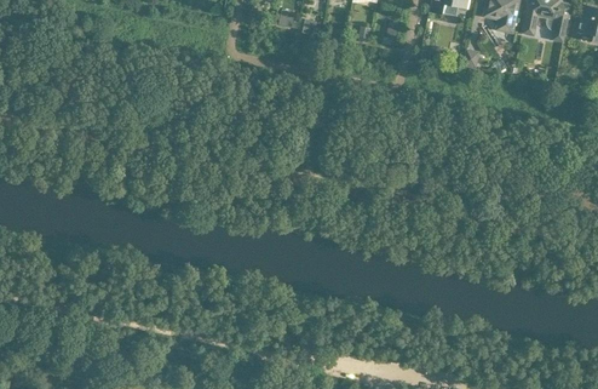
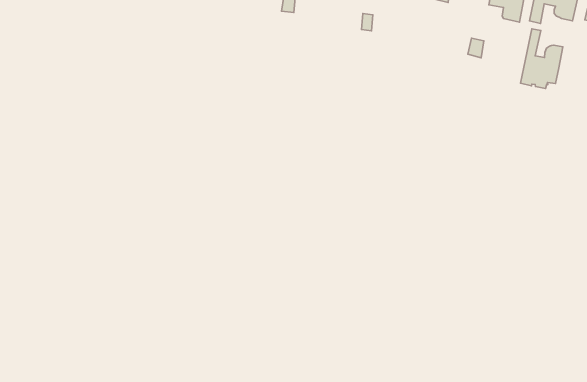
building: none -> [521,29,563,88]

